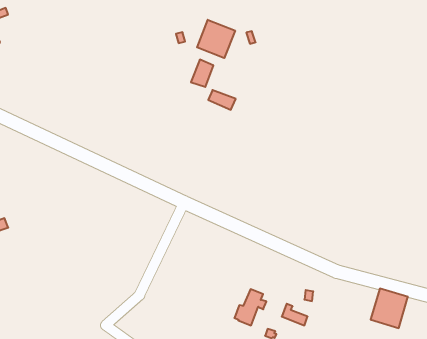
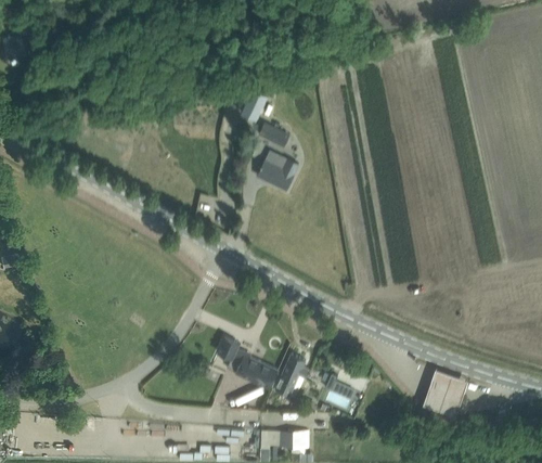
building: [197,20,235,58] -> none
building: none -> [256,159,298,191]
building: none -> [217,337,278,389]

